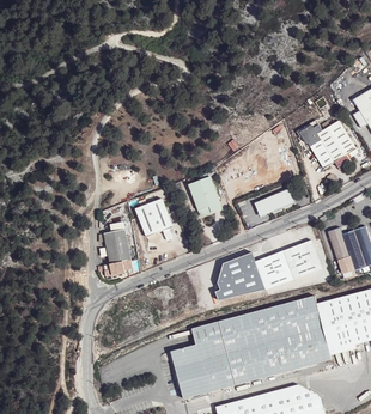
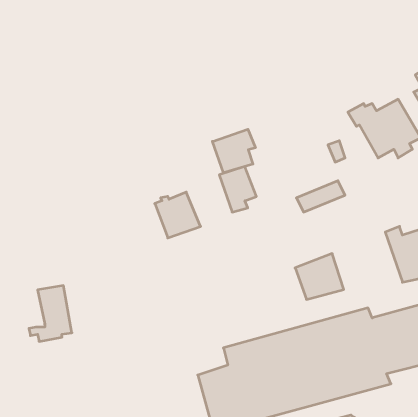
building: none -> [212,129,255,173]
building: [97,229,133,275] -> [29,286,72,341]
building: [284,238,322,279] -> none
building: [213,254,262,299] -> none

